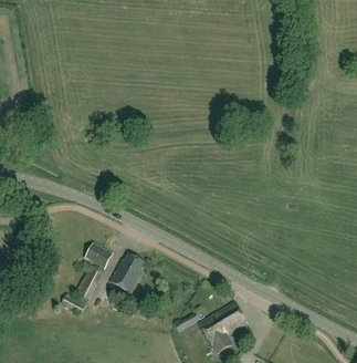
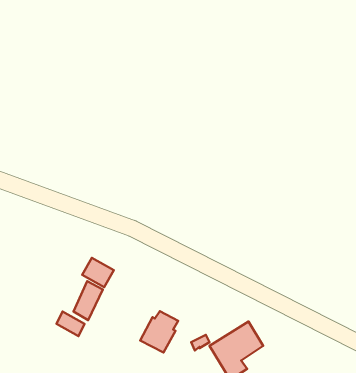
building: [111,255,145,292] -> [140,311,178,353]

